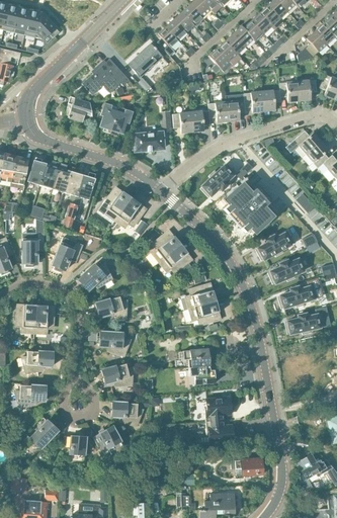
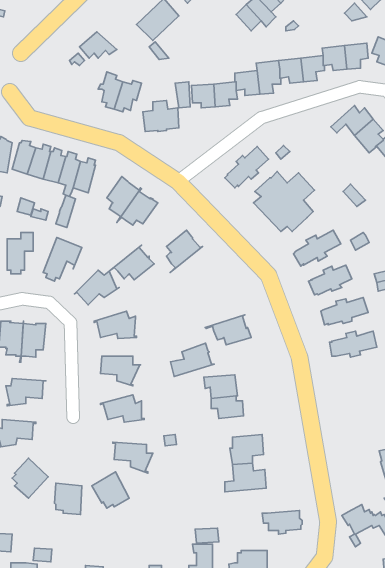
building: [94,59,130,86] -> none
building: [67,96,92,121] -> none
building: [156,244,192,272] -> [109,245,154,280]
building: [181,282,217,310] -> [171,343,214,377]

